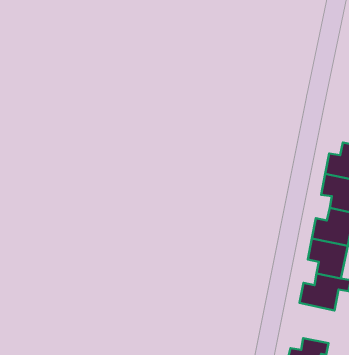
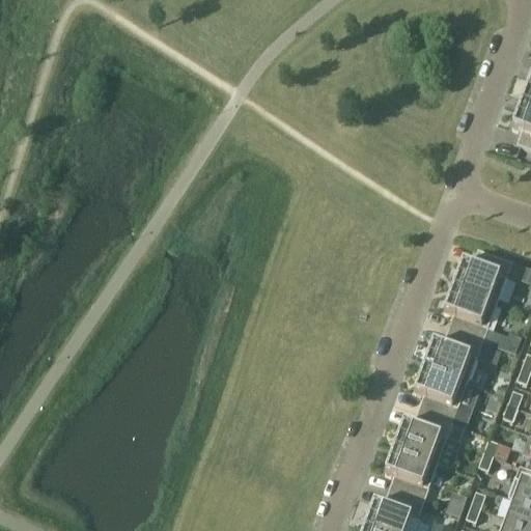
building: none -> [385,448,438,505]

